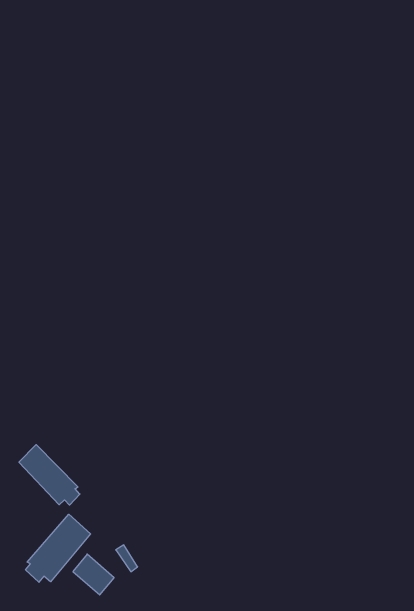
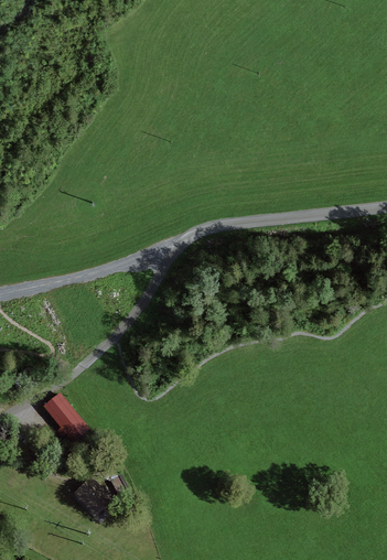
building: [26,514,91,582] -> none

